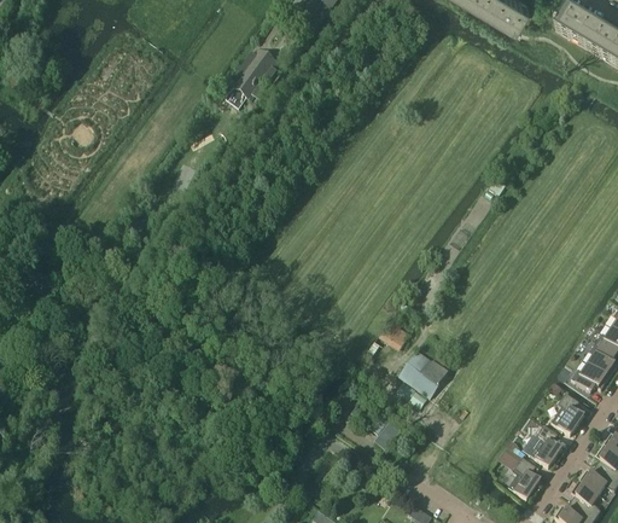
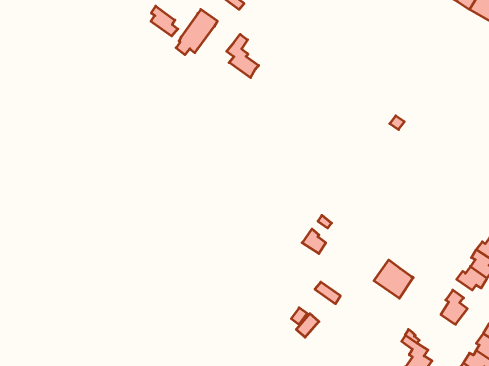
building: none -> [151,6,178,36]
building: none -> [227,34,259,78]
building: [400,348,448,395] -> [374,260,413,298]
building: [530,423,562,465] -> none

